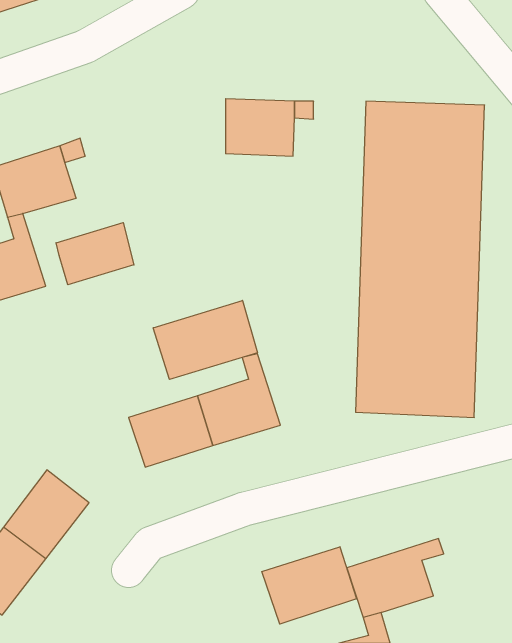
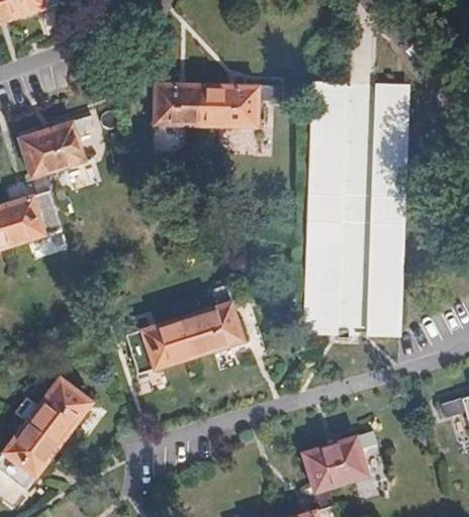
building: none -> [137,81,203,126]
building: [56,223,134,285] -> none
building: [153,300,257,379] -> none
building: [262,547,357,624] -> none

